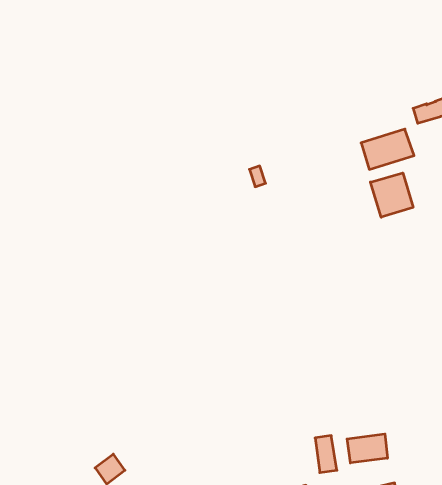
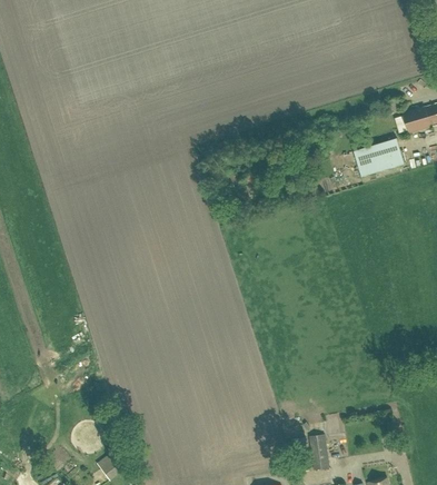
building: [370,173,413,217] -> none
building: [347,434,387,463] -> none

